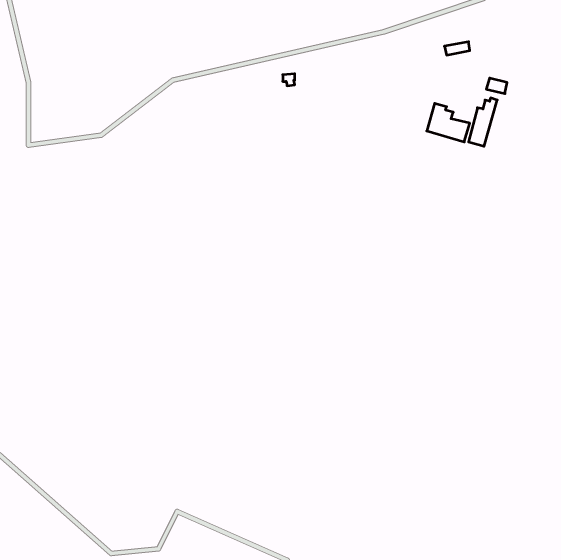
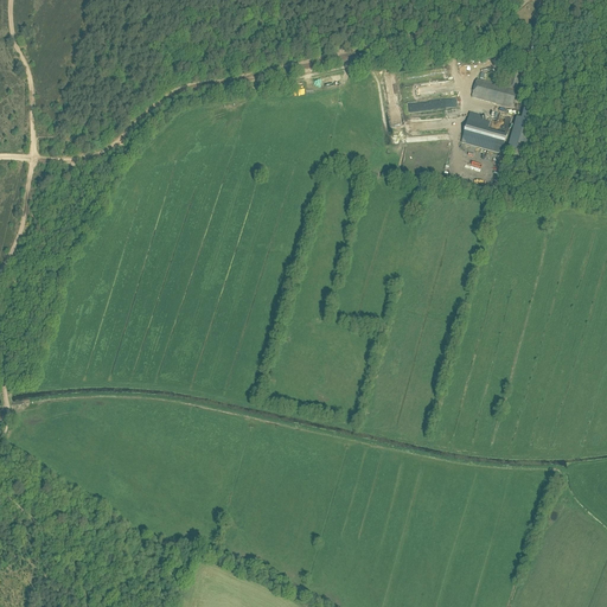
building: none -> [471,65,520,107]

